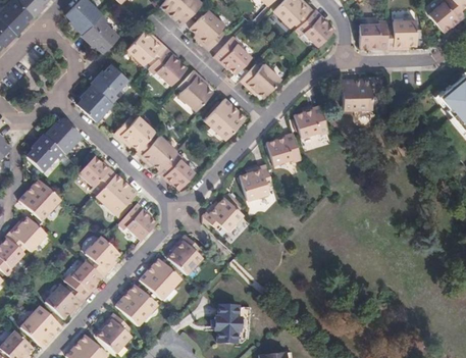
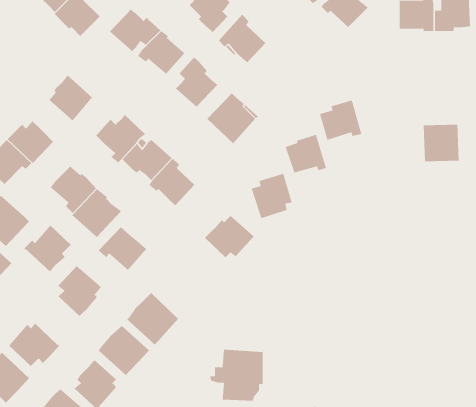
building: [91,62,128,101] -> none
building: [240,62,280,96] -> none
building: [343,76,372,107] -> [423,124,460,162]
building: [167,234,203,274] -> none
building: [62,261,101,300] -> [24,224,72,273]

